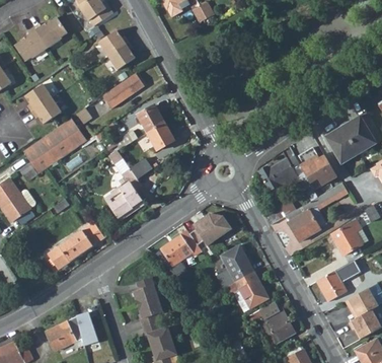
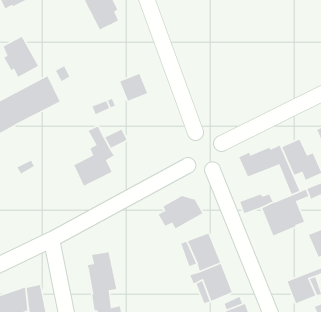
building: [103,72,146,108] -> none
building: [148,123,175,150] -> none
building: [48,221,110,270] -> none
building: [161,230,202,266] -> none

